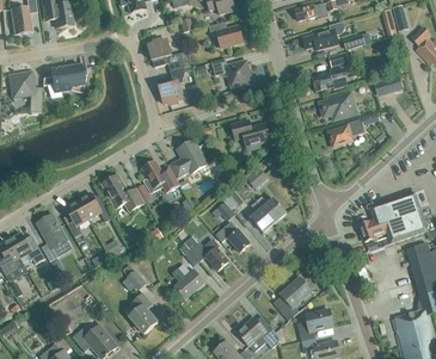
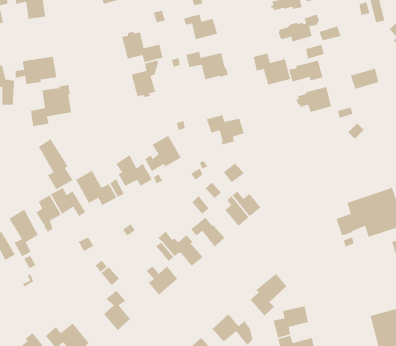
building: none -> [253,52,291,86]
building: none -> [30,84,72,127]
building: [327,120,362,148] -> none
building: none -> [38,138,73,191]

